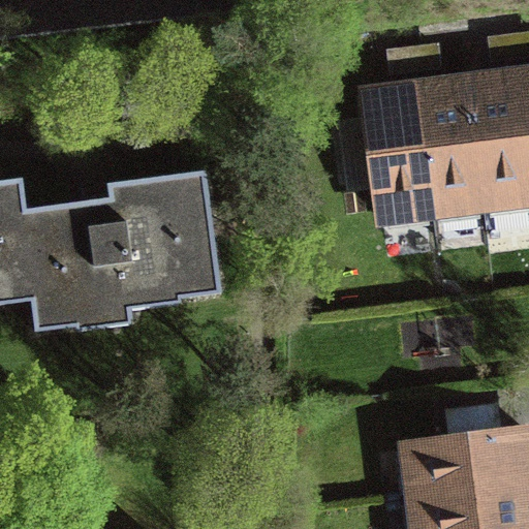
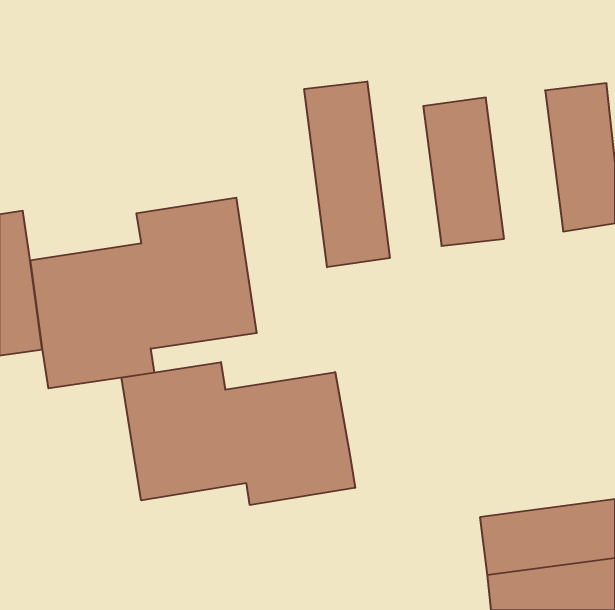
building: none -> [304,81,390,267]
building: [416,77,483,205] -> none
building: none -> [121,362,355,505]

